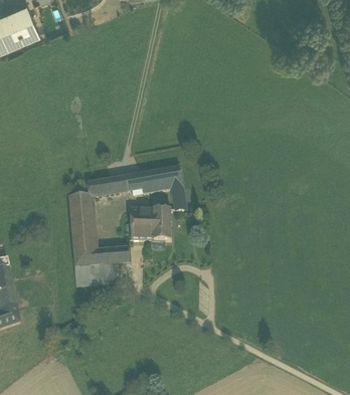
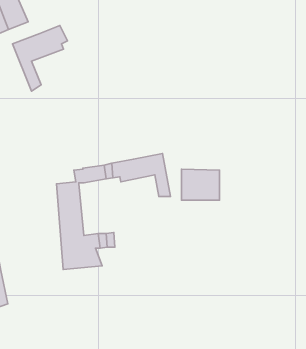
building: none -> [13,26,68,91]
building: [132,209,171,241] -> [182,169,220,200]

